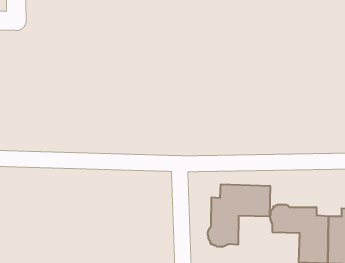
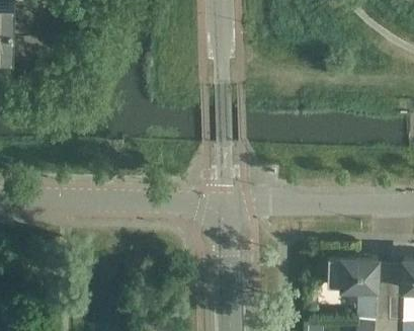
building: [208,184,270,247] -> none

